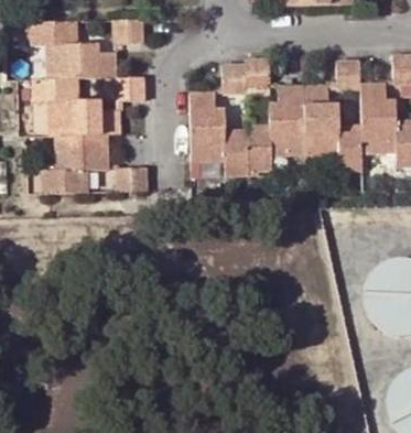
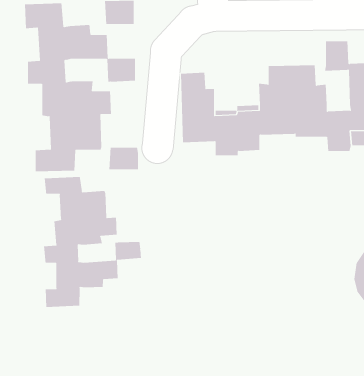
building: [221,57,270,95] -> none
building: none -> [43,176,142,308]

